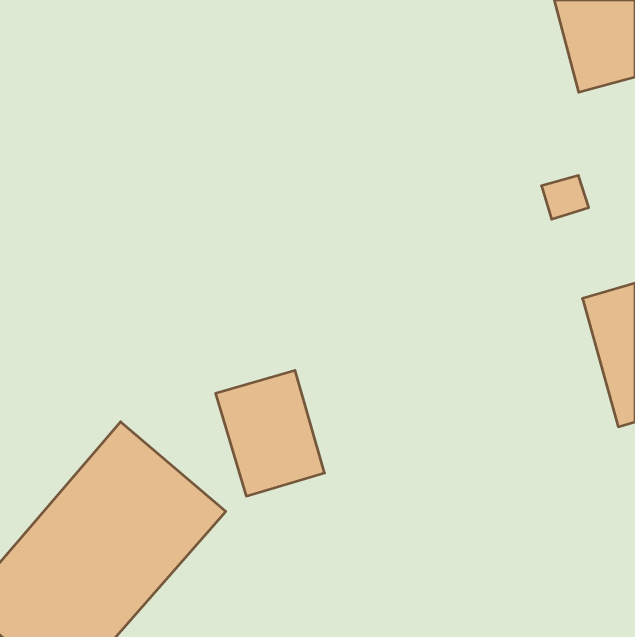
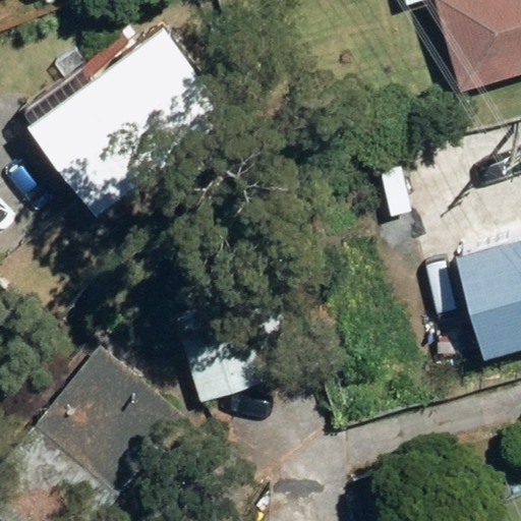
building: none -> [33,28,229,214]

